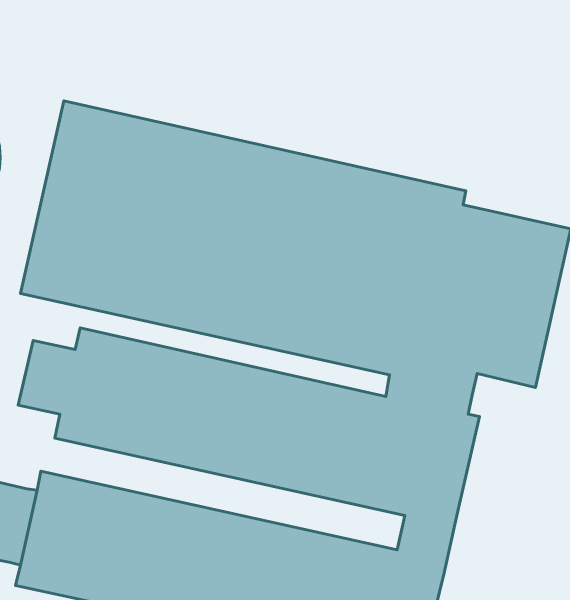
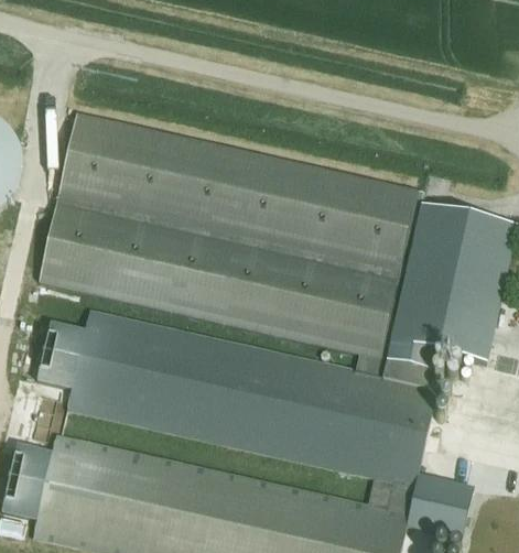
building: none -> [407,474,469,535]

